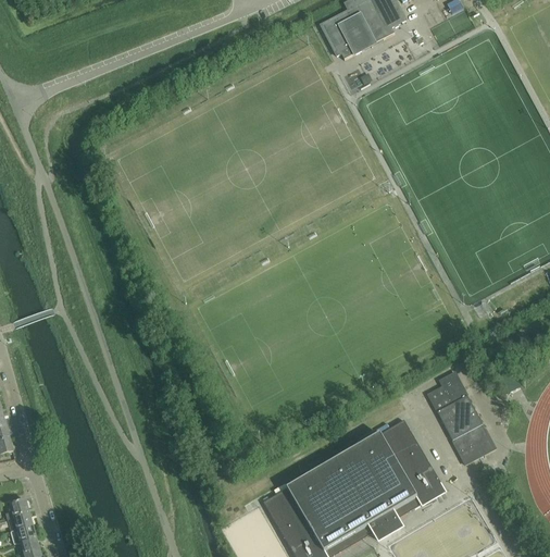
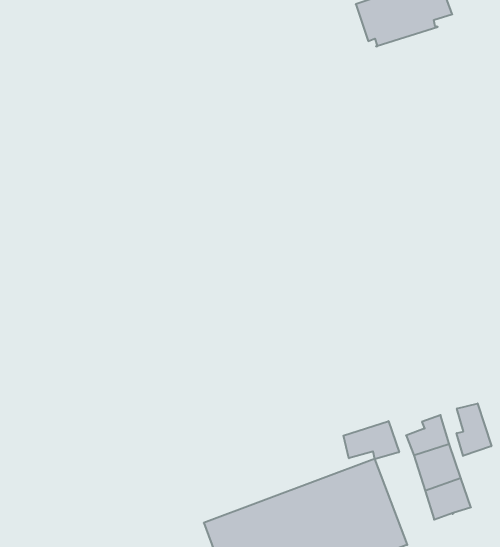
building: none -> [457,403,491,456]
building: none -> [343,421,399,459]

